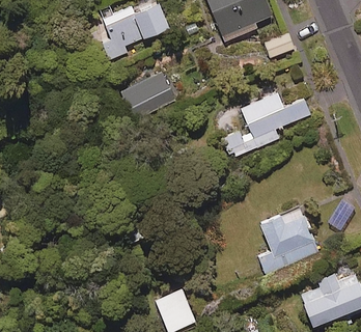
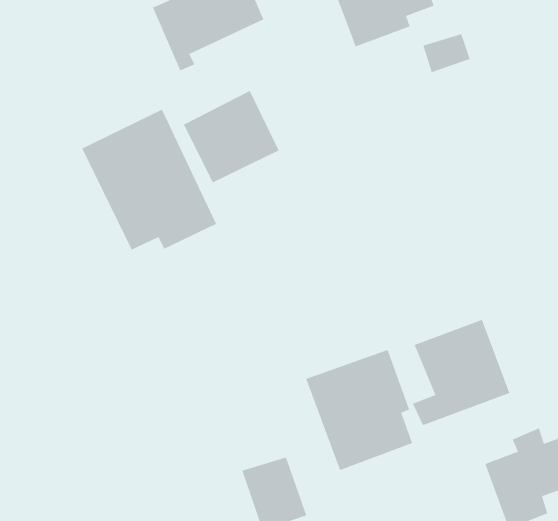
building: none -> [81,109,217,251]
building: [224,92,310,157] -> none
building: none -> [305,349,413,471]

